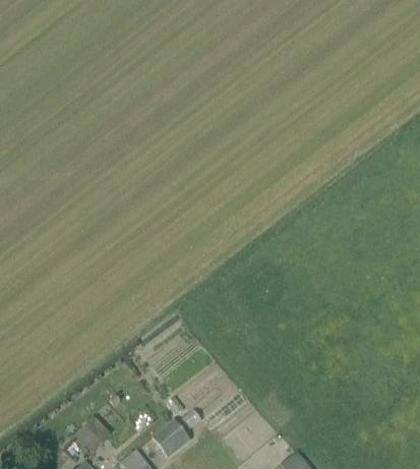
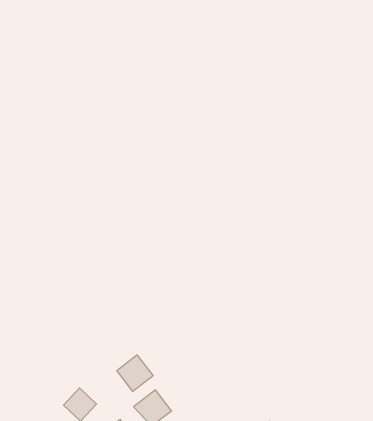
building: none -> [117,355,153,391]

